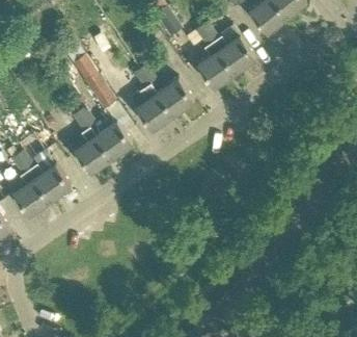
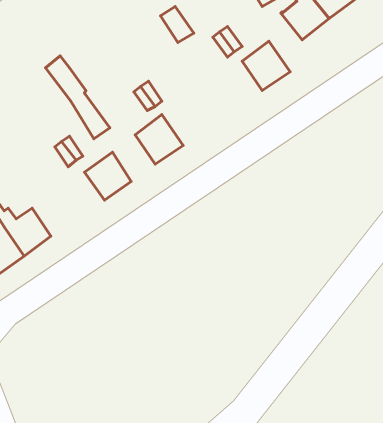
building: [196,50,234,88] -> none
building: [156,77,194,115] -> none
building: [74,136,111,174] -> none

